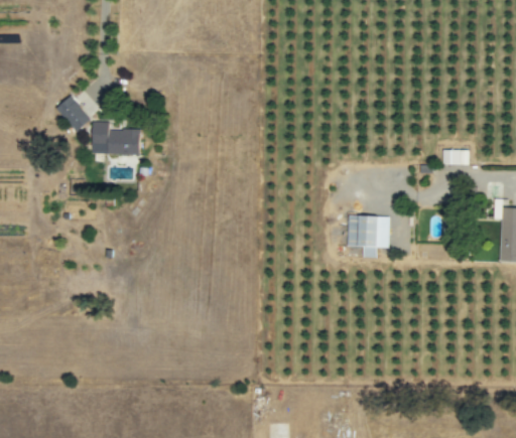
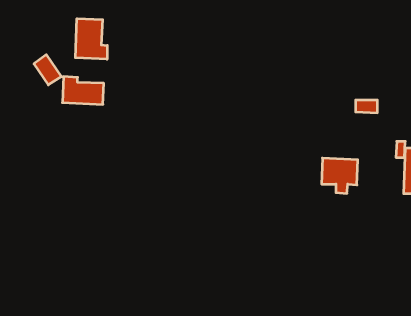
building: none -> [75,19,107,59]
building: [347,215,390,258] -> [322,158,358,193]

